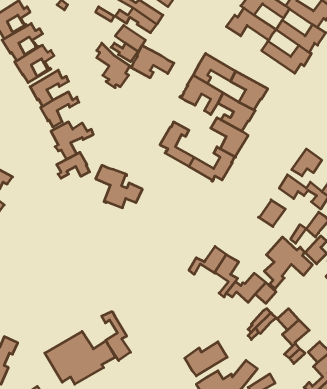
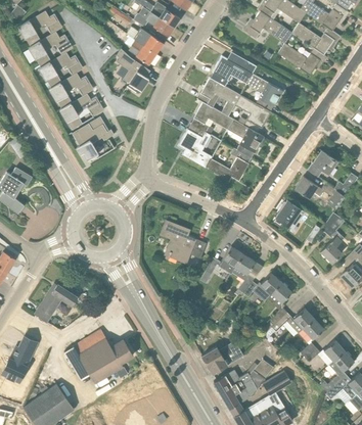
building: [130,46,174,78] -> [191,102,234,134]
building: [57,152,90,178] -> none
building: [96,165,142,208] -> [161,221,207,263]
building: [264,237,312,289] -> none
building: none -> [35,284,78,322]
building: [102,312,131,361] -> none

